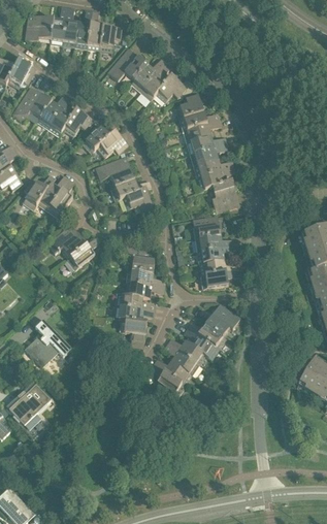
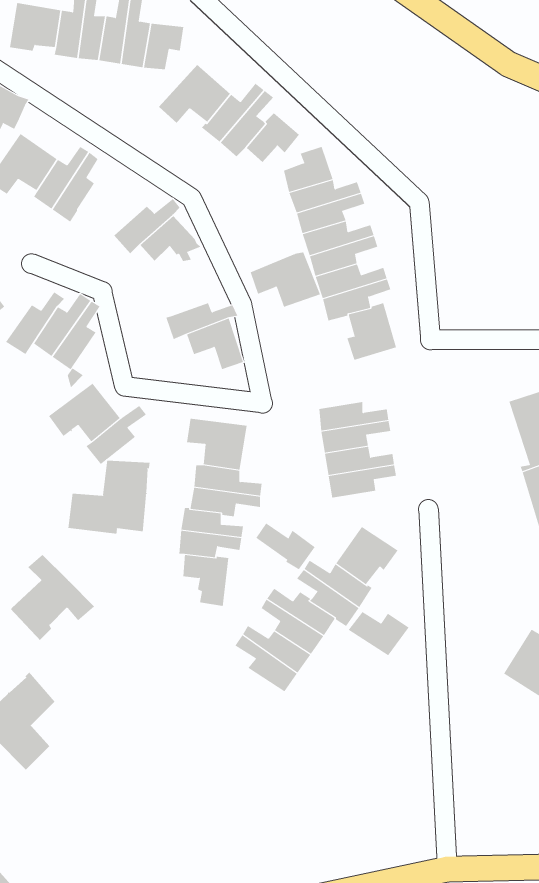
building: [63,107,93,135] -> none
building: [96,156,135,187] -> [250,252,321,308]
building: [193,216,221,238] -> none
building: none -> [68,460,150,534]
building: none -> [256,523,315,570]
building: none -> [348,611,409,656]

